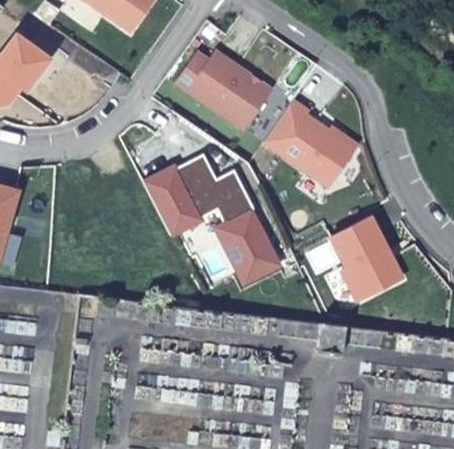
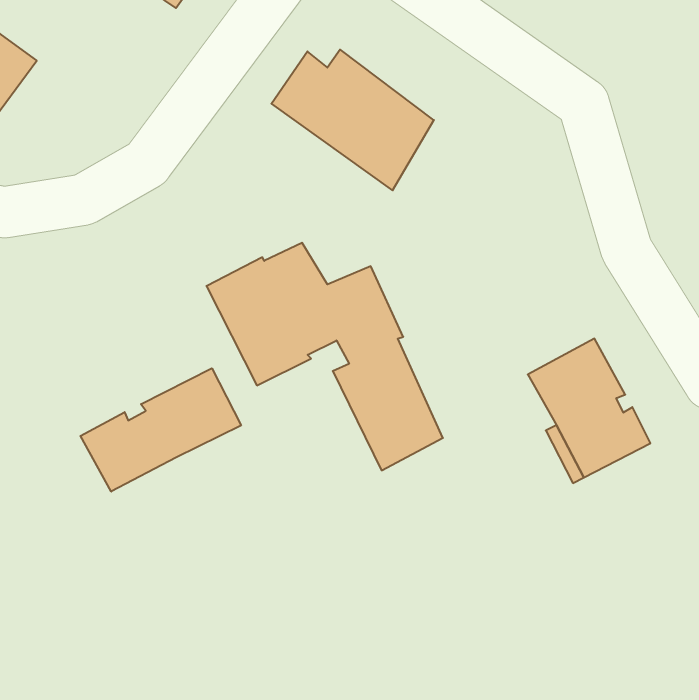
building: [261,97,351,183] -> none
building: none -> [80,368,241,492]

